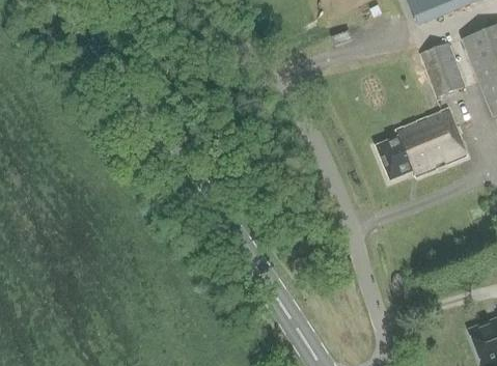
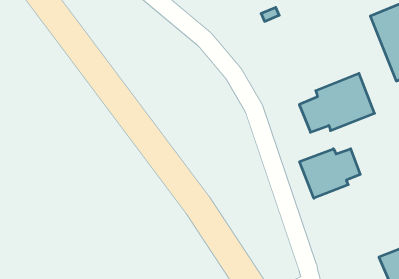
building: [421,35,465,90] -> none
building: none -> [300,149,360,198]

